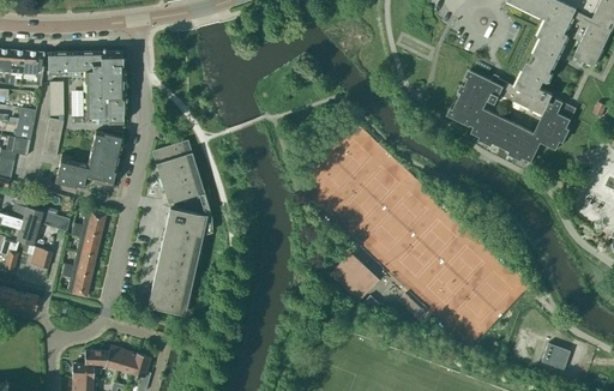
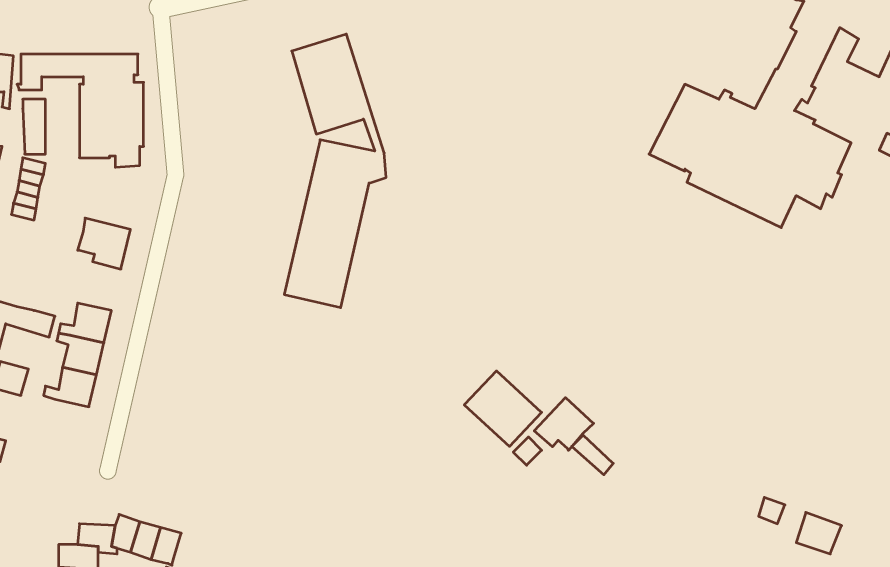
building: [89,131,122,163] -> none
building: [148,140,212,314] -> [284,34,386,308]
building: [54,154,88,188] -> none
building: [61,269,91,296] -> none
building: none -> [534,398,594,450]

